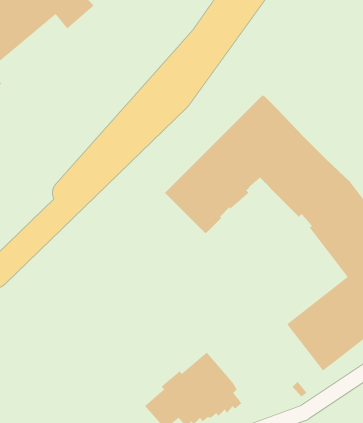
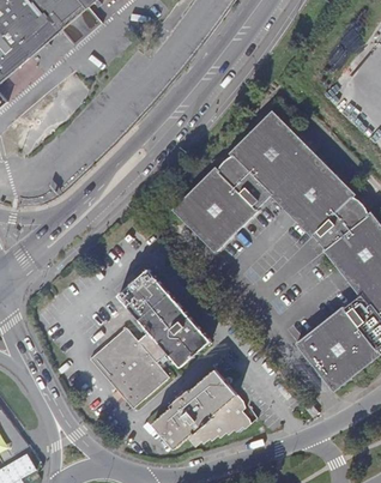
building: none -> [90,268,211,407]

